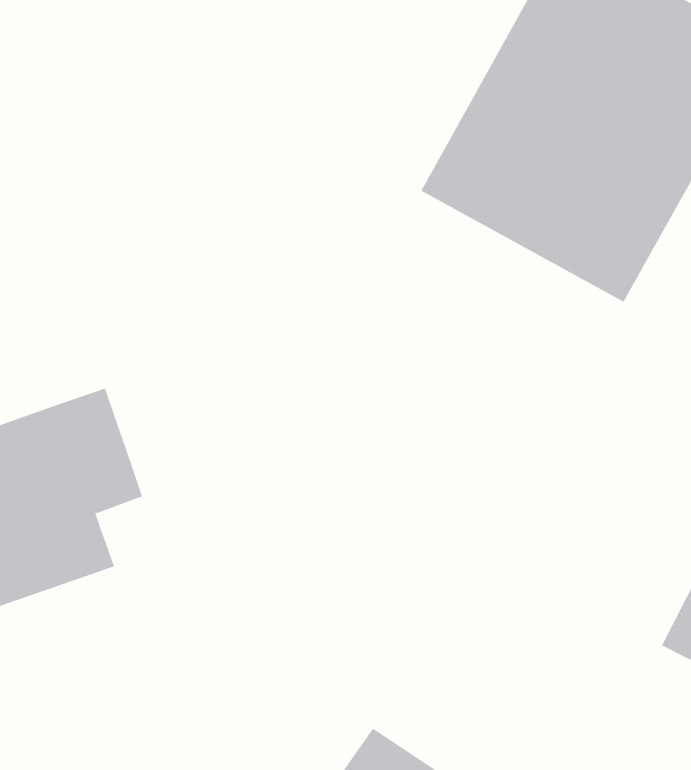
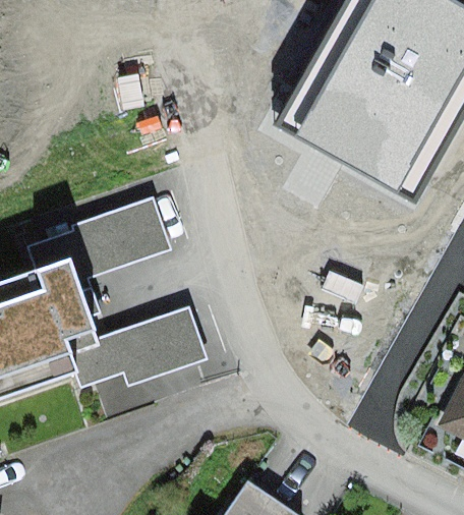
building: none -> [28,194,173,312]
building: none -> [67,303,207,386]

